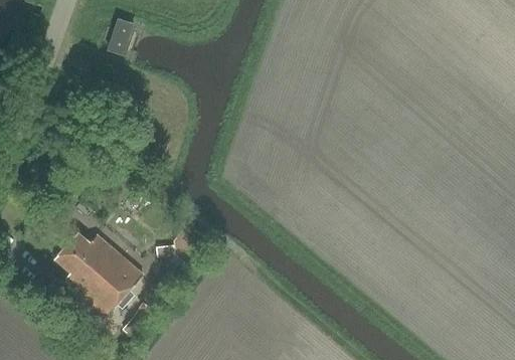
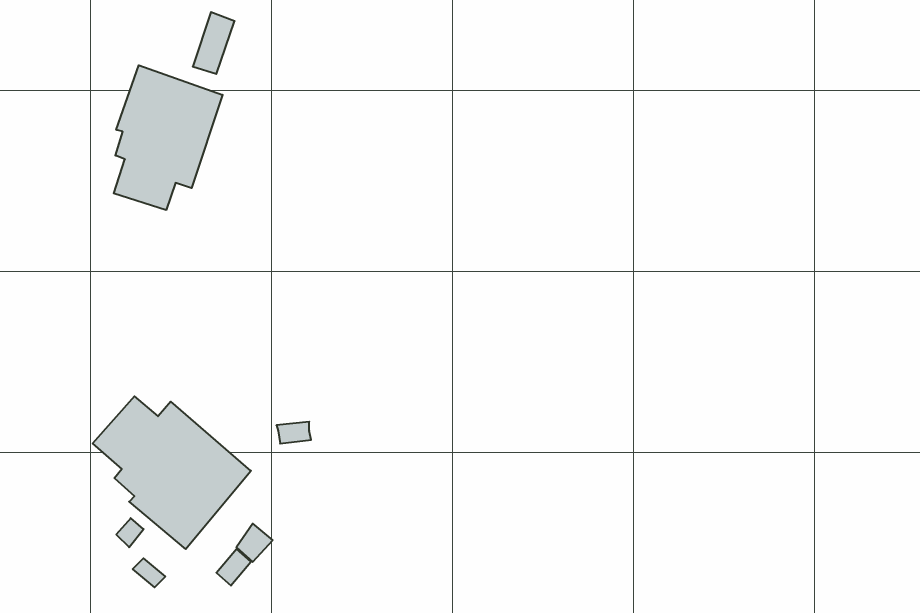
building: none -> [114,65,223,210]

